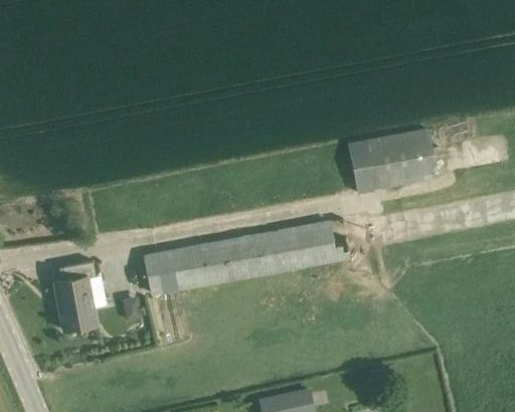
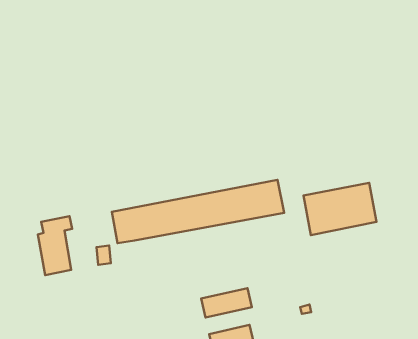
building: [348,129,436,191] -> [303,183,377,235]
building: none -> [201,288,252,318]

